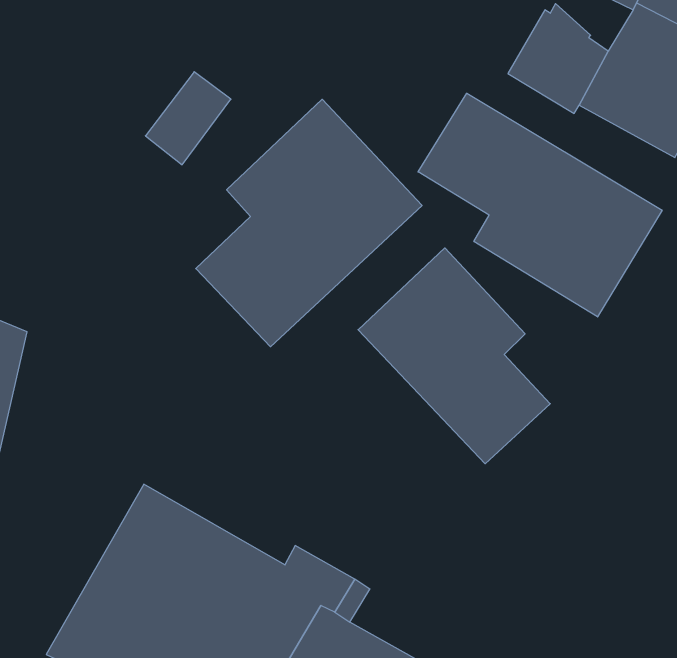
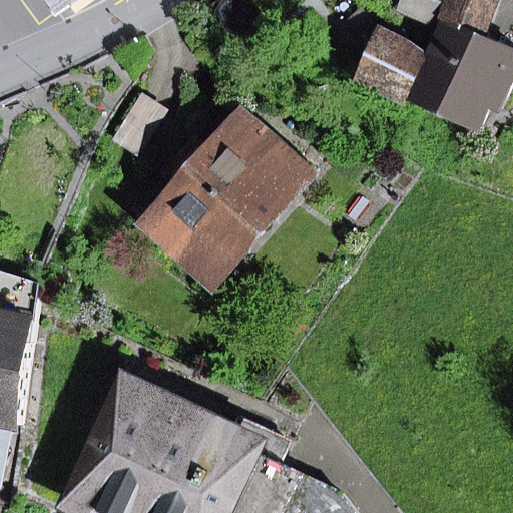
building: [418,93,662,317] -> none
building: [358,248,550,464] -> none

